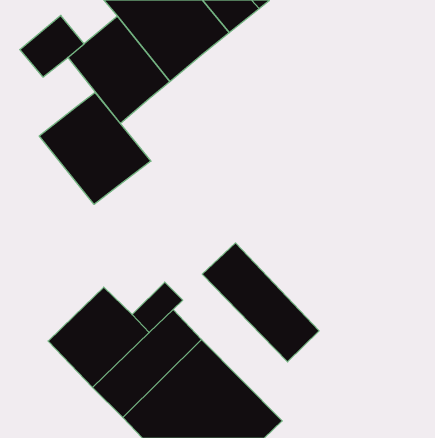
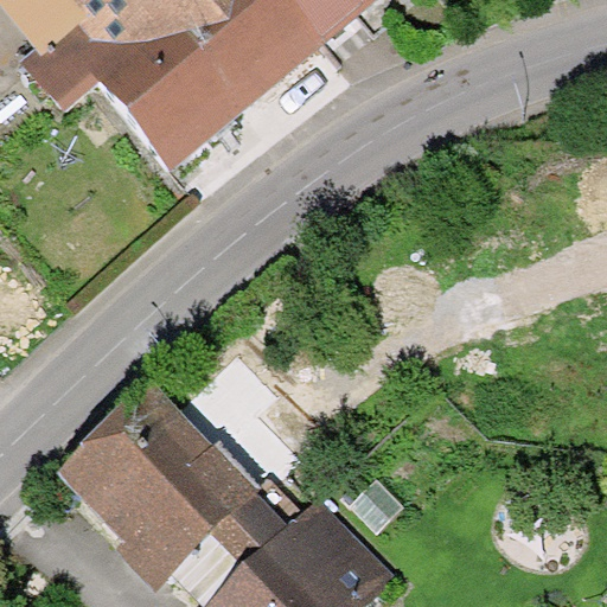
building: [39,92,151,204] -> none
building: [202,243,319,362] -> none

